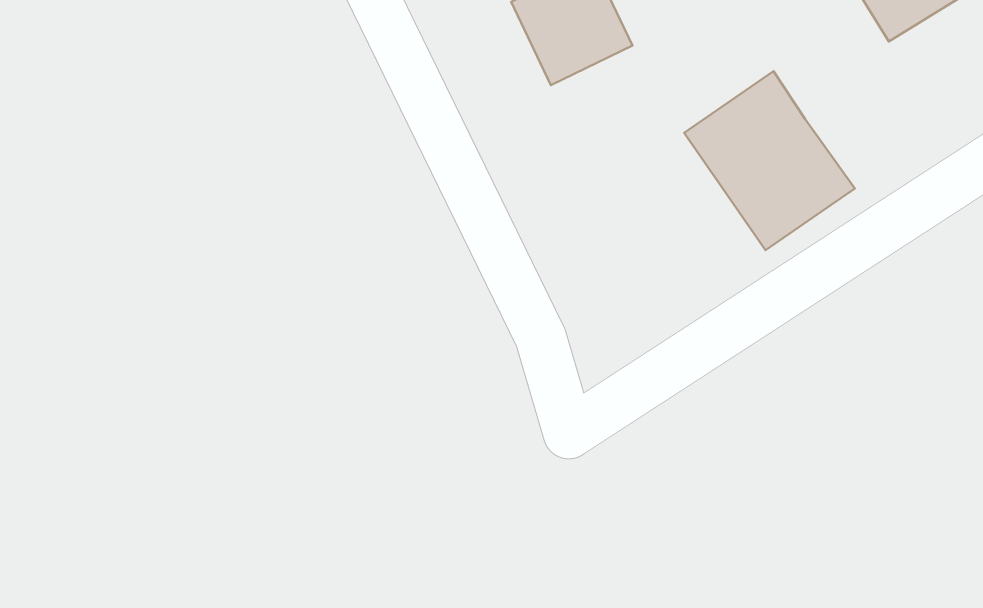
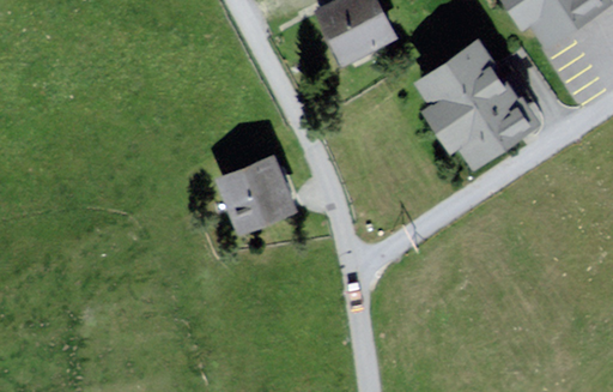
building: none -> [225,169,286,228]

